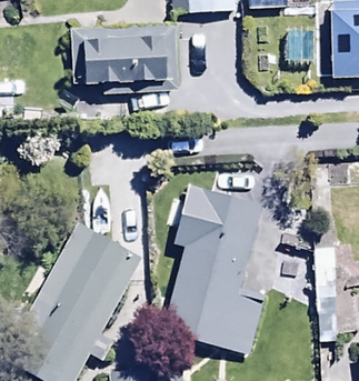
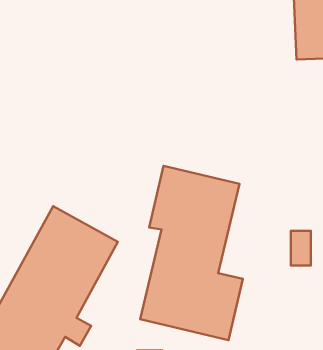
building: [69,26,178,92] -> none

